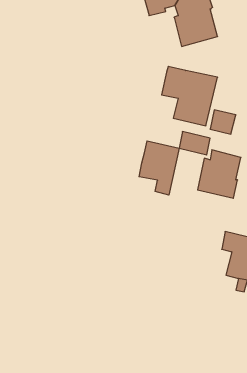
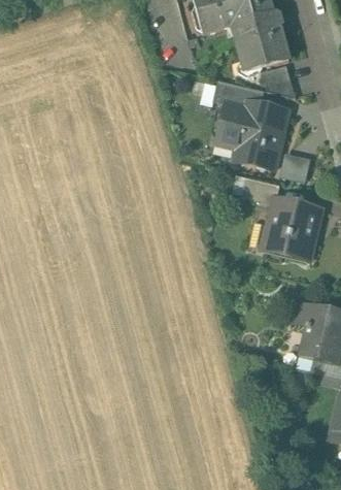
building: none -> [262,66,296,99]
building: none -> [213,80,251,104]
building: [139,141,179,195] -> none

